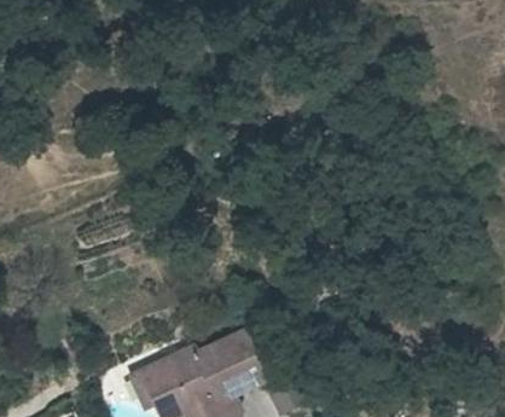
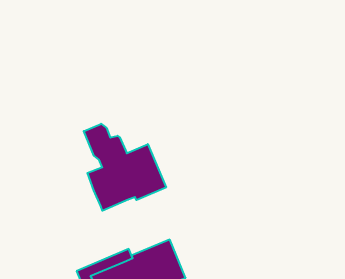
building: none -> [84,124,166,211]

